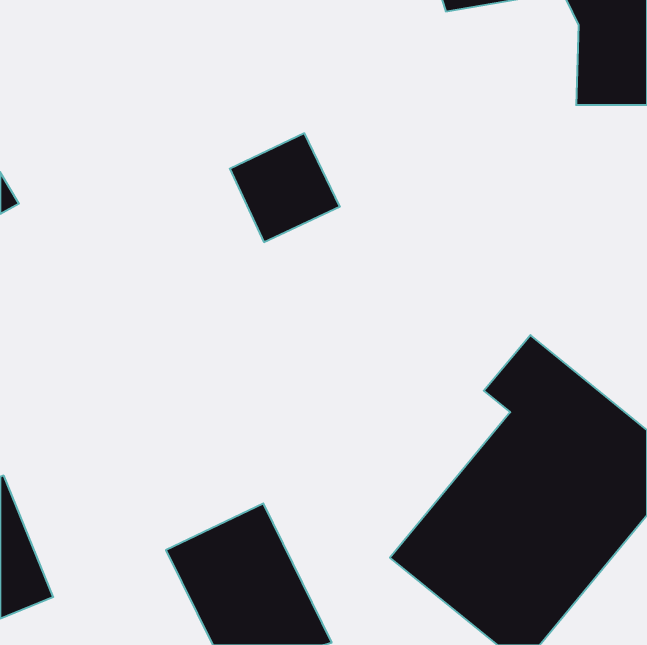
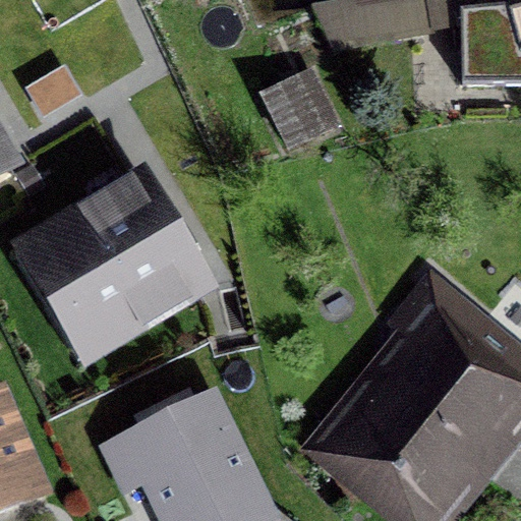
building: [230,133,340,242] -> [255,71,344,159]
building: none -> [33,187,197,349]

